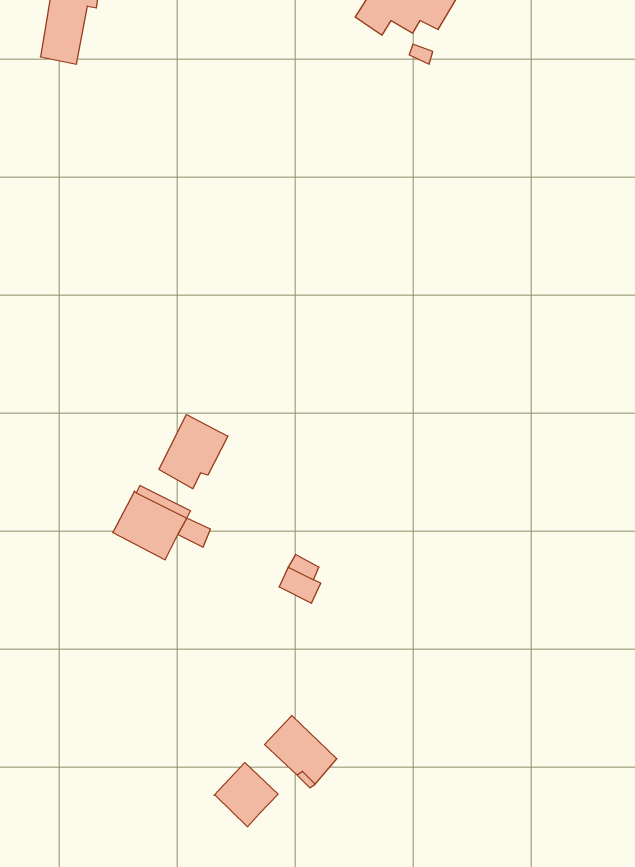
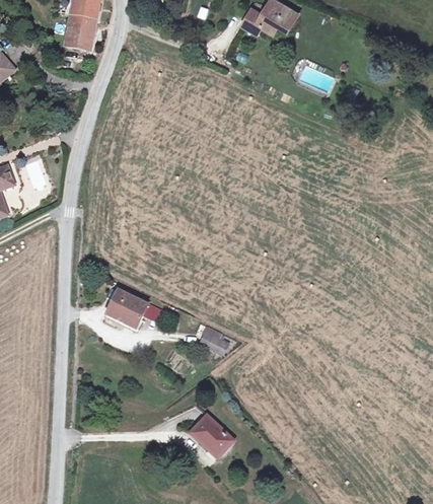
building: [159,415,228,489] -> none
building: [214,763,278,827] -> none

